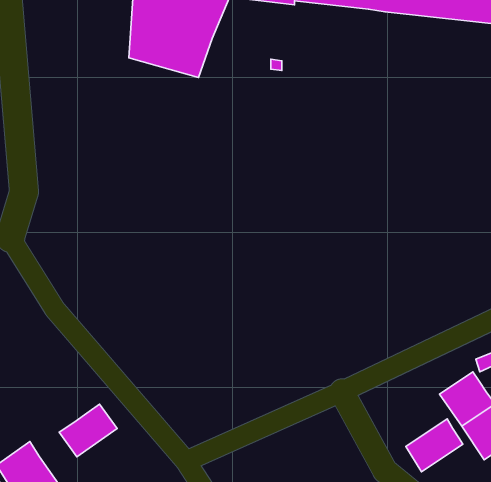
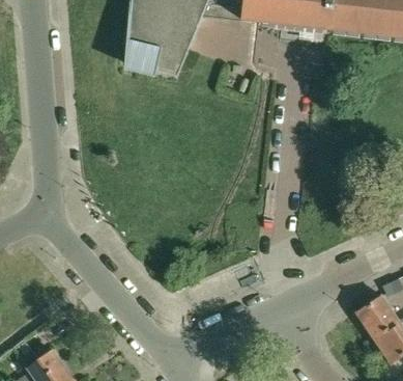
building: [59,404,117,457] -> none
building: [406,419,463,472] -> none

